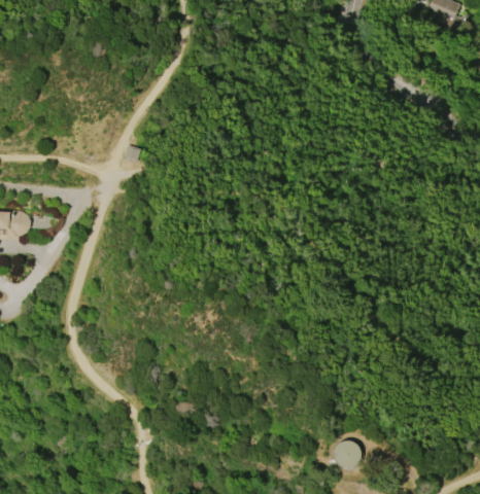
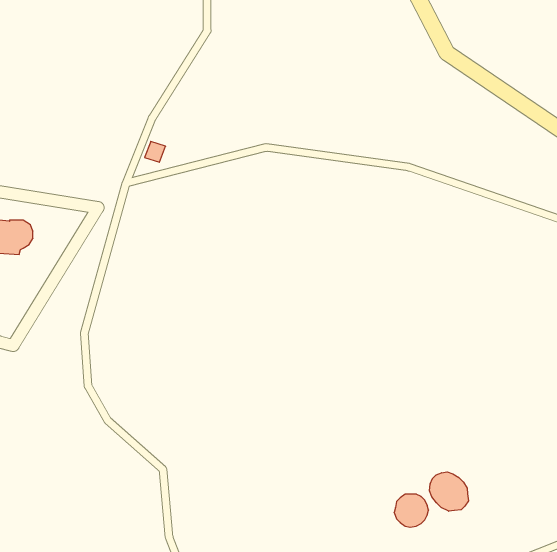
building: none -> [430,472,468,511]

